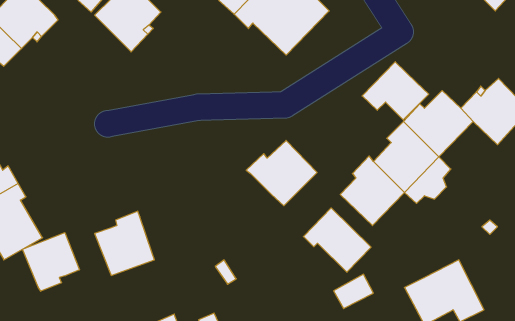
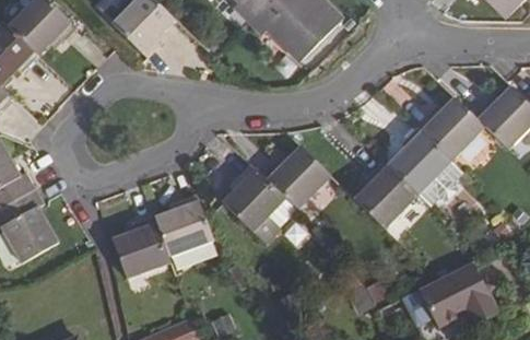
building: [362,62,429,120] -> none
building: none -> [222,164,285,232]
building: none -> [153,194,213,257]
building: [303,208,371,272] -> none
building: [22,233,79,291] -> none

